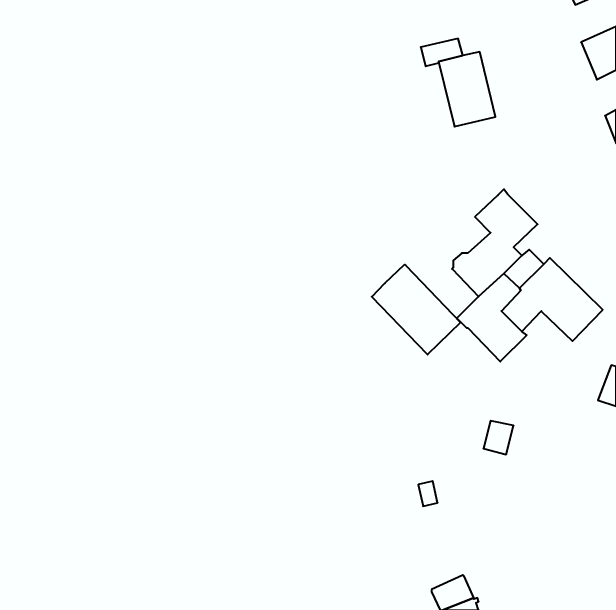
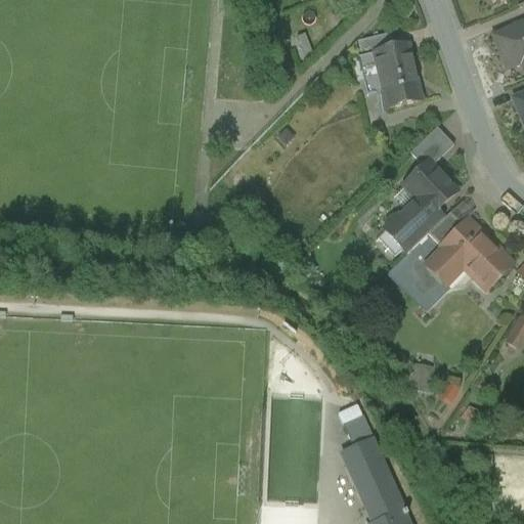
building: none -> [409,127,453,166]
building: [372,265,460,355] -> none
building: none -> [357,435,396,503]

